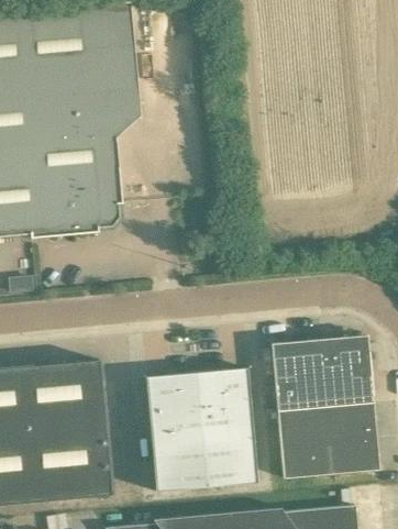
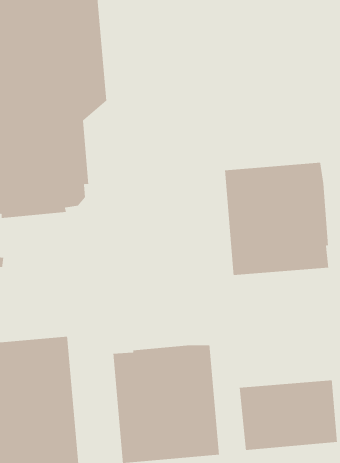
building: none -> [224,162,329,276]
building: [270,339,373,412] -> none

